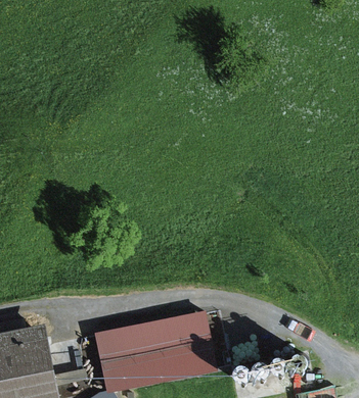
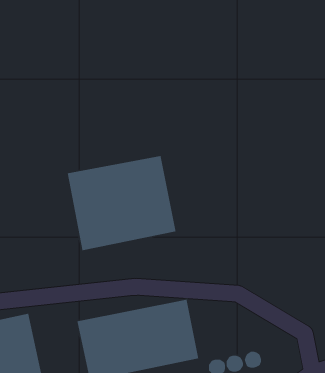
building: none -> [67,155,176,251]

